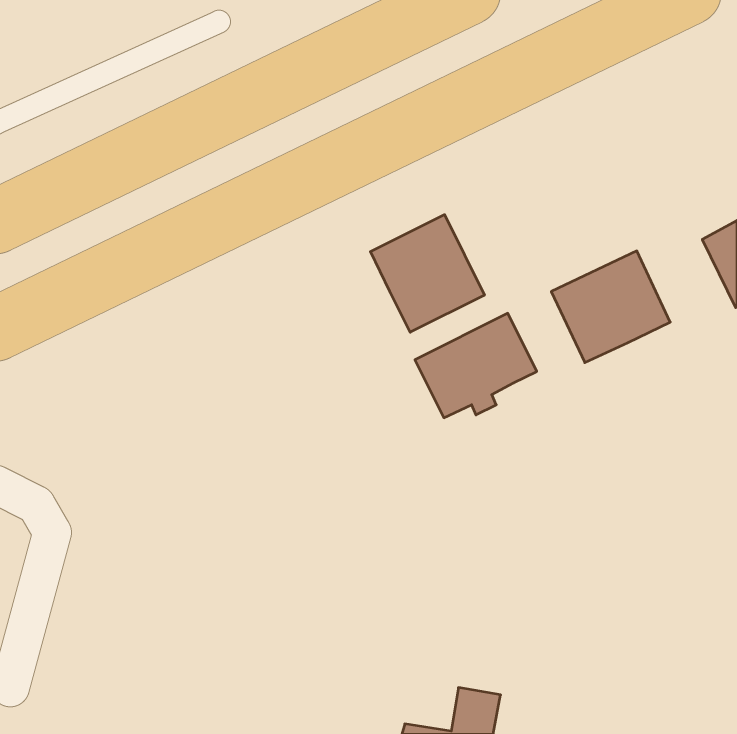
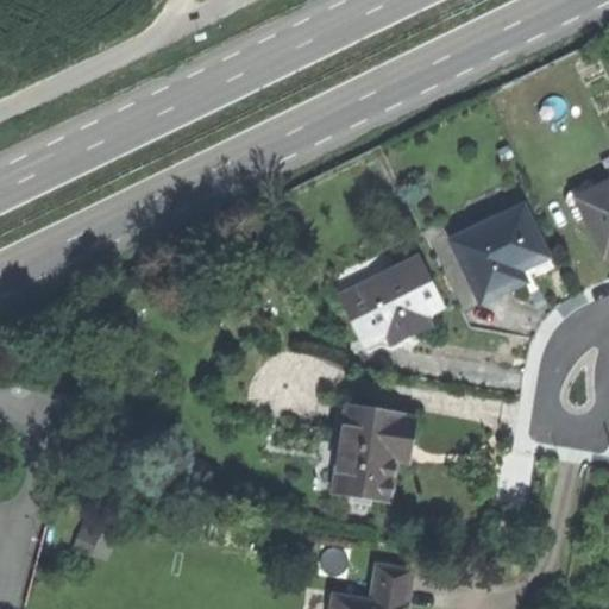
building: [370,215,484,332] -> none
building: none -> [333,402,414,498]

